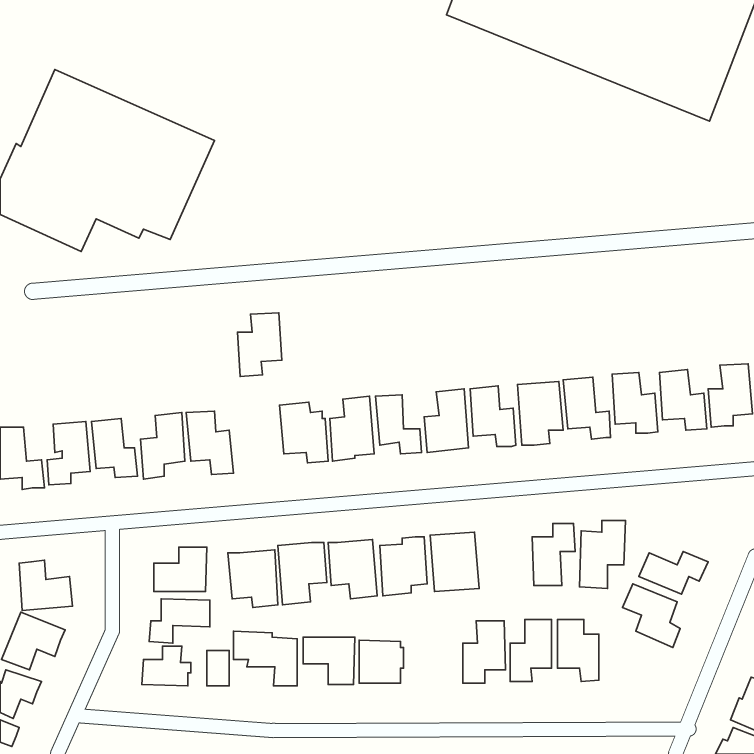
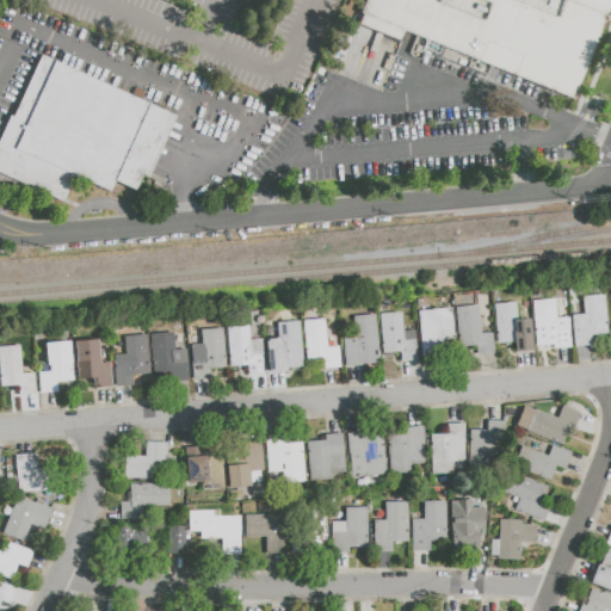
building: [237,313,282,376] -> [191,328,227,379]
building: none -> [517,403,581,444]
building: none -> [389,425,427,474]
building: none -> [332,506,369,553]
building: none -> [490,518,537,560]

